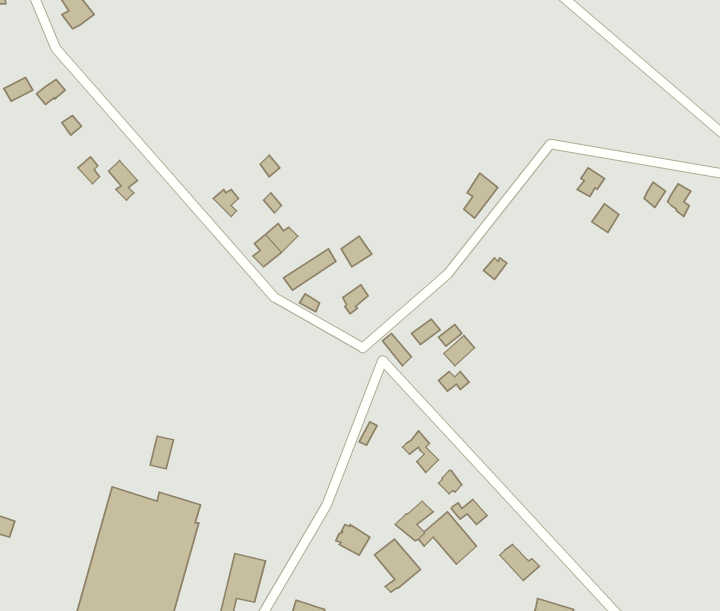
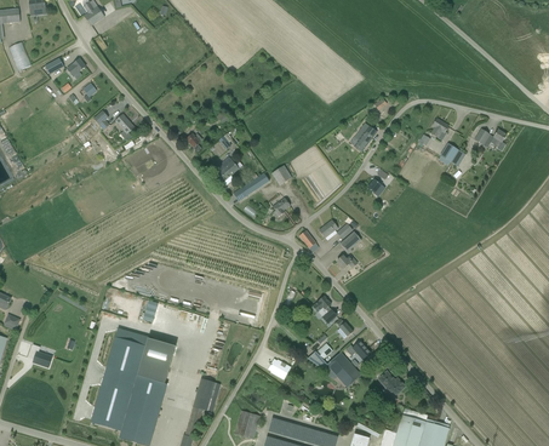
building: [375,539,420,592] -> none

